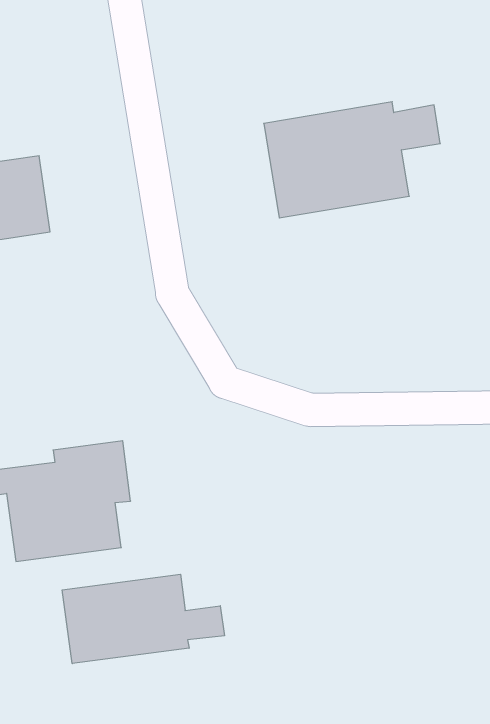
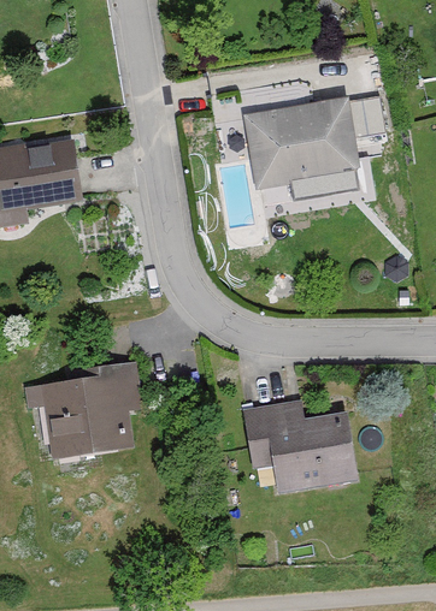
building: none -> [242,401,358,494]
building: [62,574,224,664] -> none

